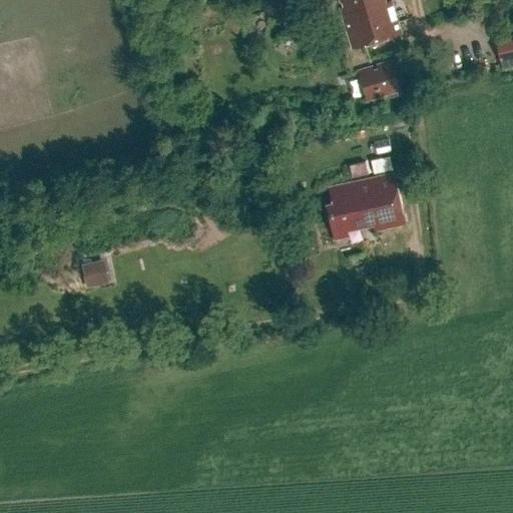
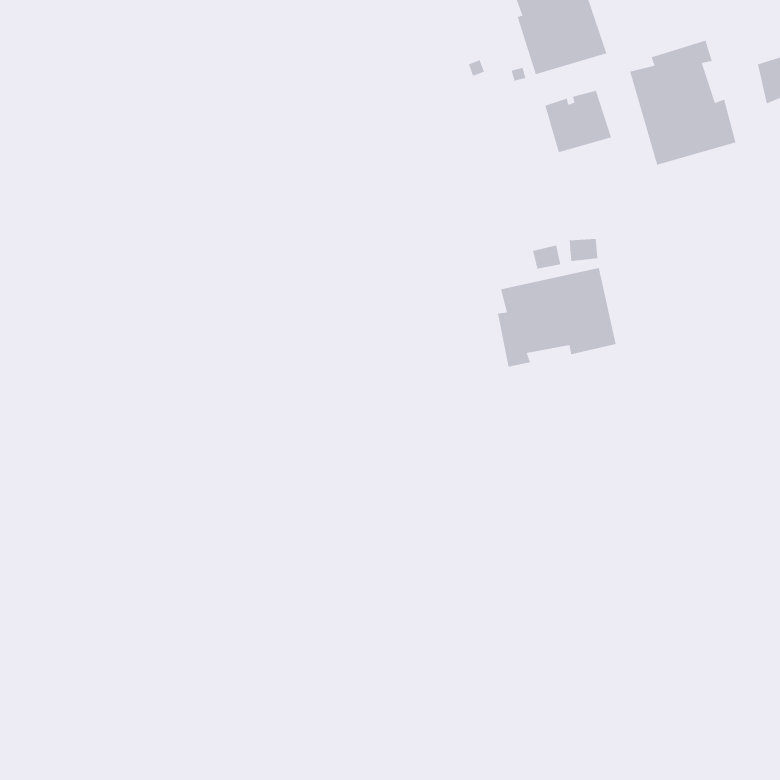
building: none -> [629,40,736,166]
building: [82,259,110,287] -> none

